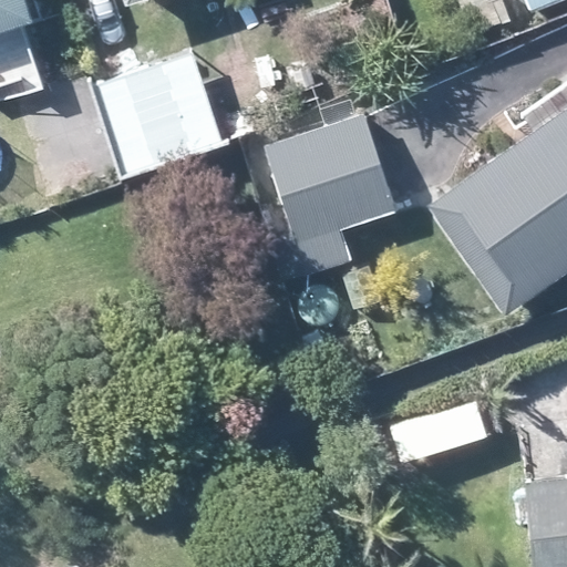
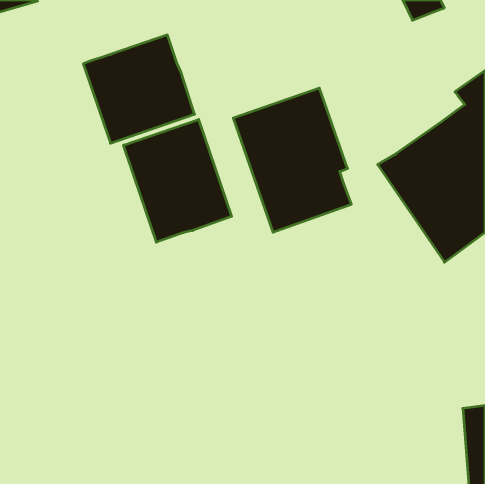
building: none -> [124,119,232,242]

